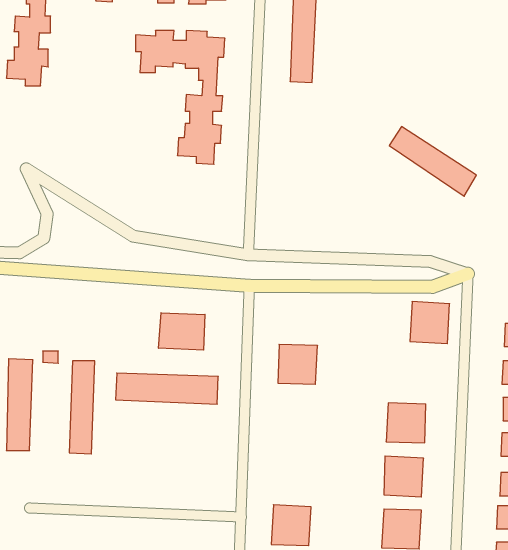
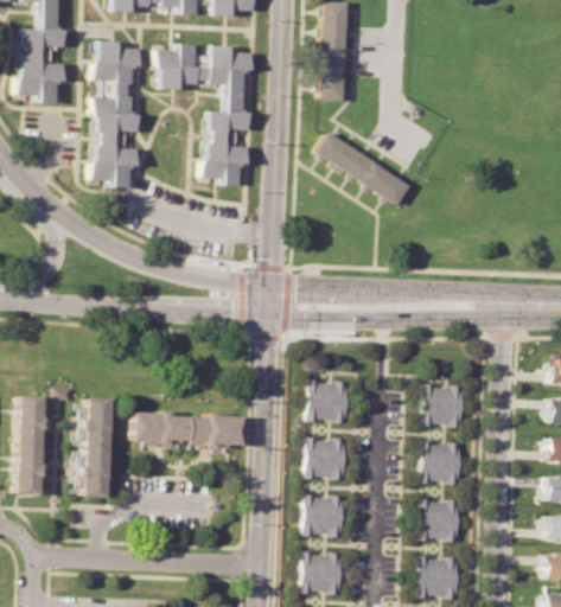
building: none -> [87,41,138,190]
building: [389,127,476,196] -> [315,130,409,205]
building: [410,302,450,344] -> [426,384,468,429]
building: [159,313,205,350] -> none
building: none -> [305,437,346,481]
building: none -> [301,494,345,539]

